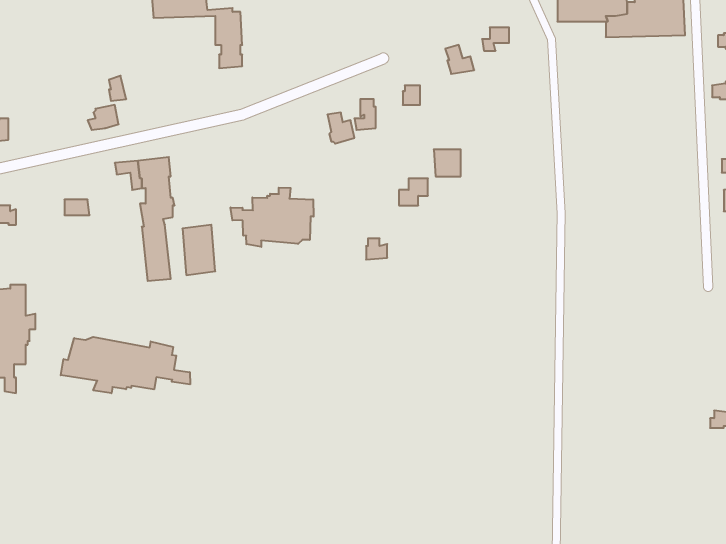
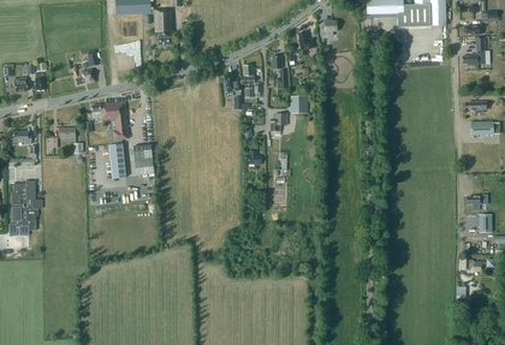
building: [231,188,314,247] -> none
building: [61,337,190,393] -> none

